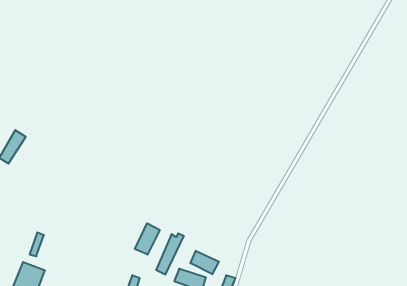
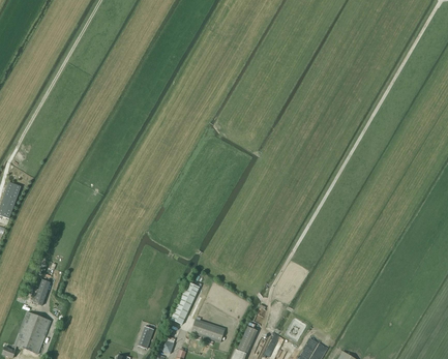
building: [135,223,160,255] -> none
building: [190,251,219,274] -> none

